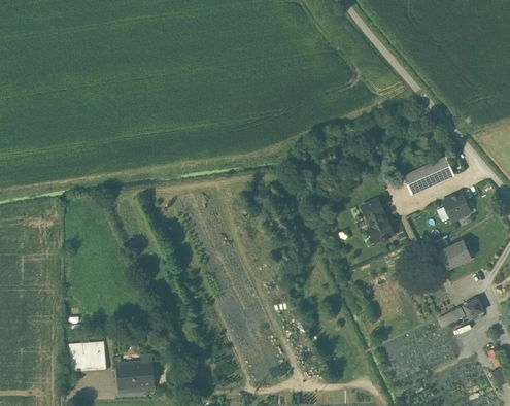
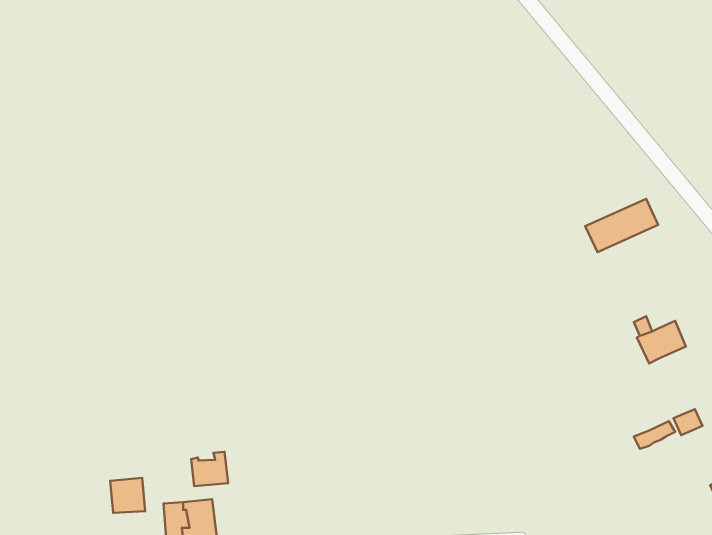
building: [442,193,469,222] -> none
building: [361,199,393,242] -> none
building: none -> [191,452,228,486]

